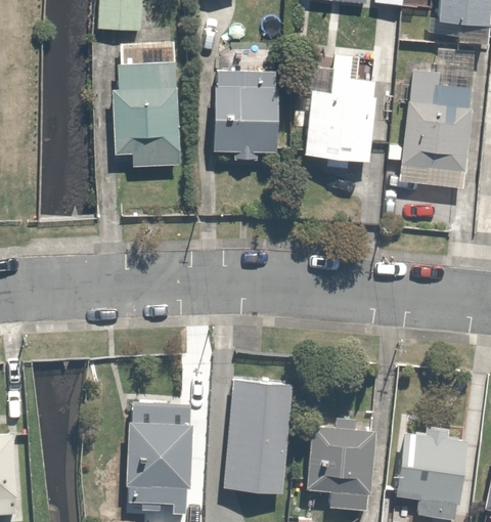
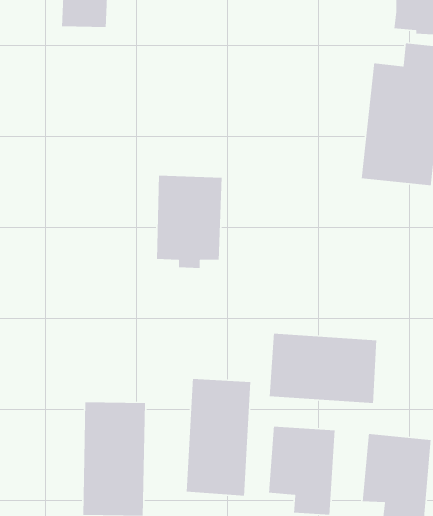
building: [120,46,189,172] -> none
building: [302,54,371,163] -> none
building: [221,75,285,166] -> [156,175,223,269]
building: none -> [269,333,377,404]

